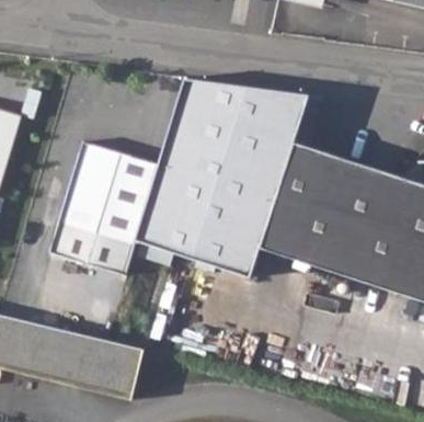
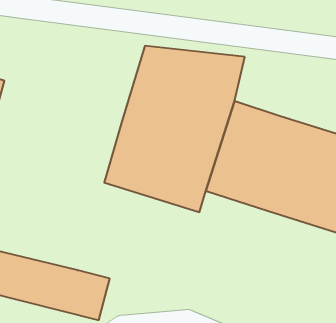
building: [53,144,161,273] -> none

